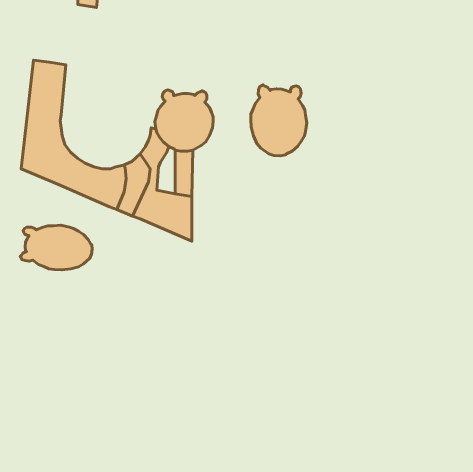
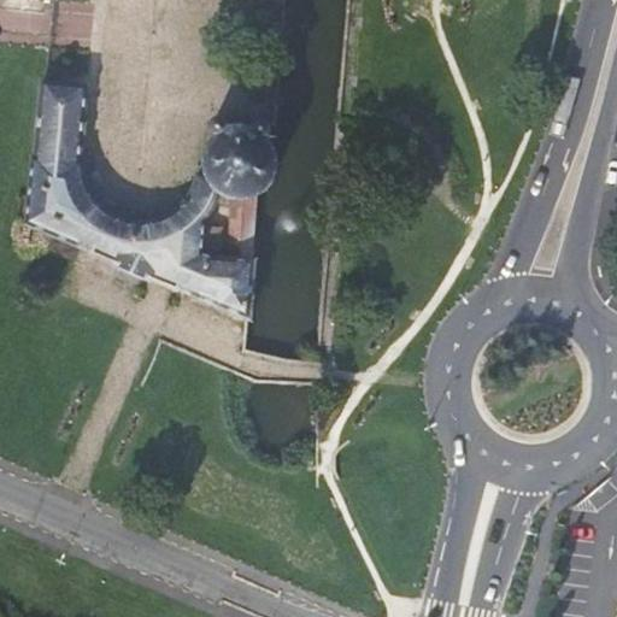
building: [251,85,307,156] -> none
building: [20,225,92,270] -> none

